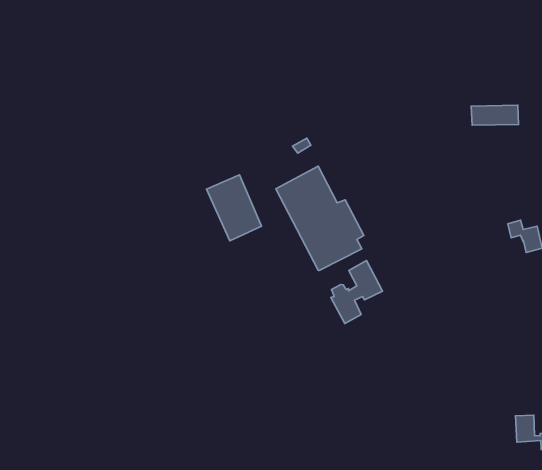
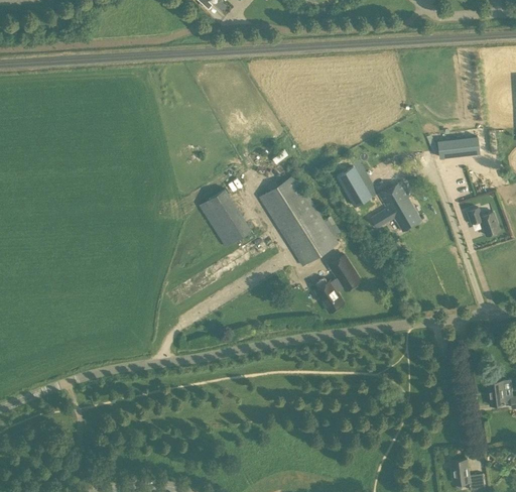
building: [471,105,519,125] -> [437,136,481,157]
building: none -> [338,165,367,206]
building: none -> [369,180,422,231]

